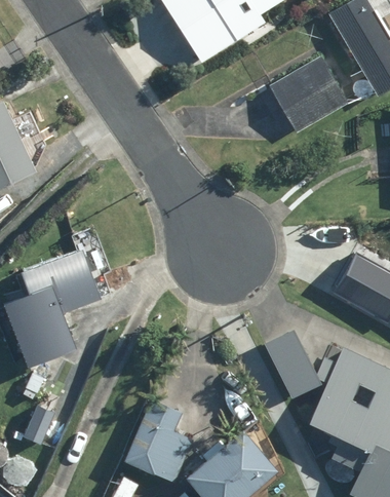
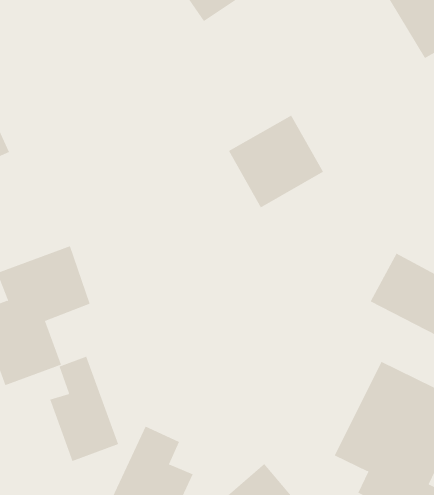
building: [269,56,348,133] -> [228,115,324,208]
building: [267,334,317,395] -> none
building: none -> [49,356,119,462]

